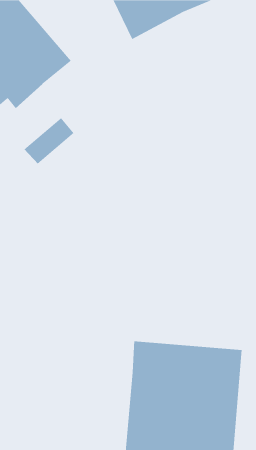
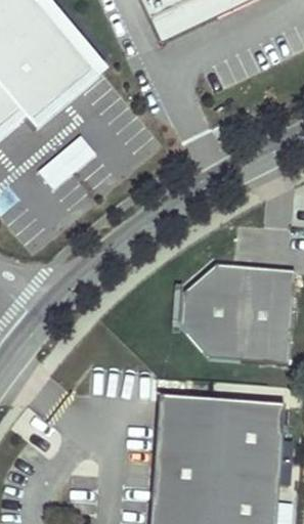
building: none -> [184,265,293,360]

